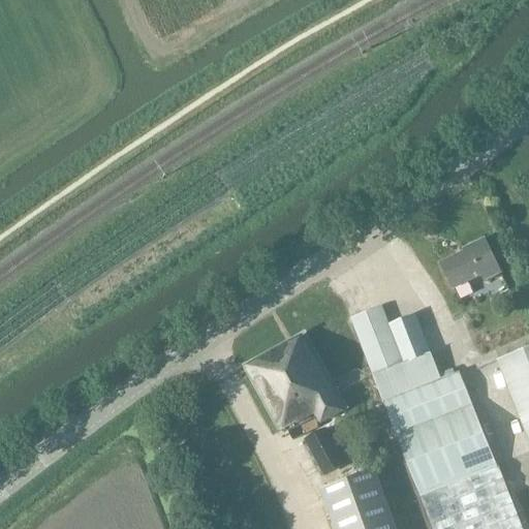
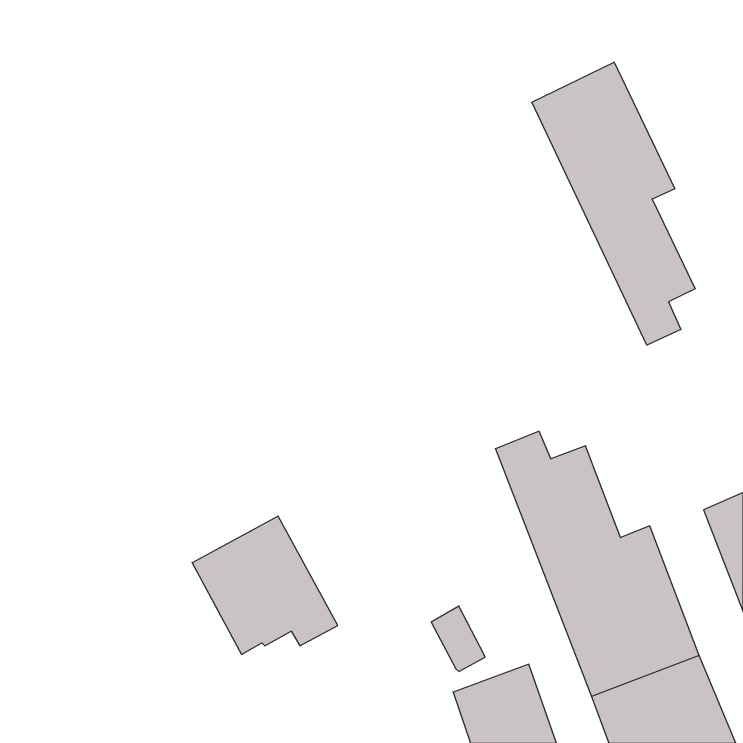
building: none -> [532,62,695,345]
building: [440,240,500,289] -> none
building: [244,333,347,431] -> [192,516,338,654]

